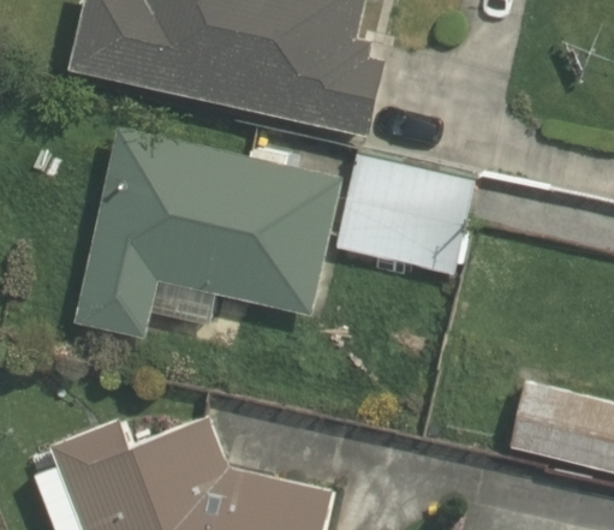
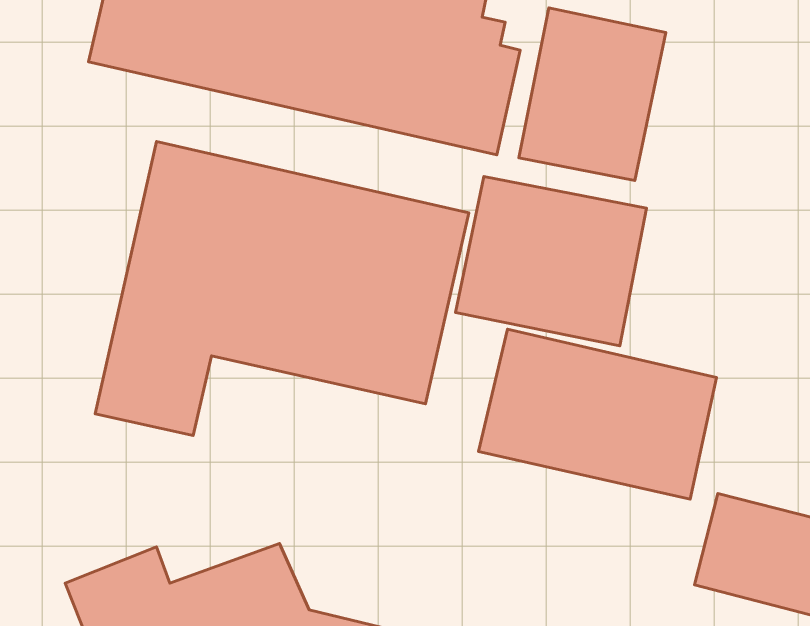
building: none -> [519,8,666,181]
building: none -> [478,329,717,499]

